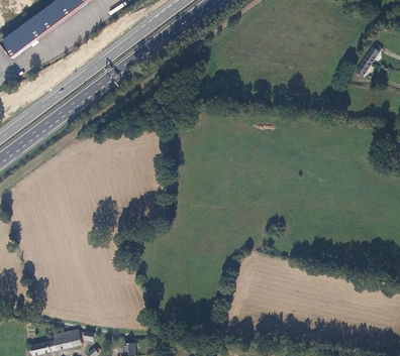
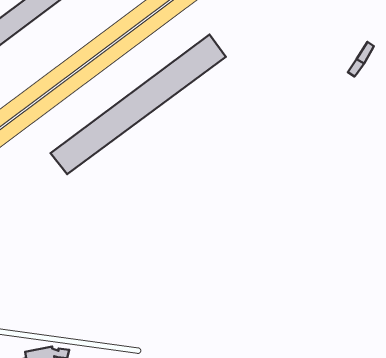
building: none -> [50,35,226,174]

